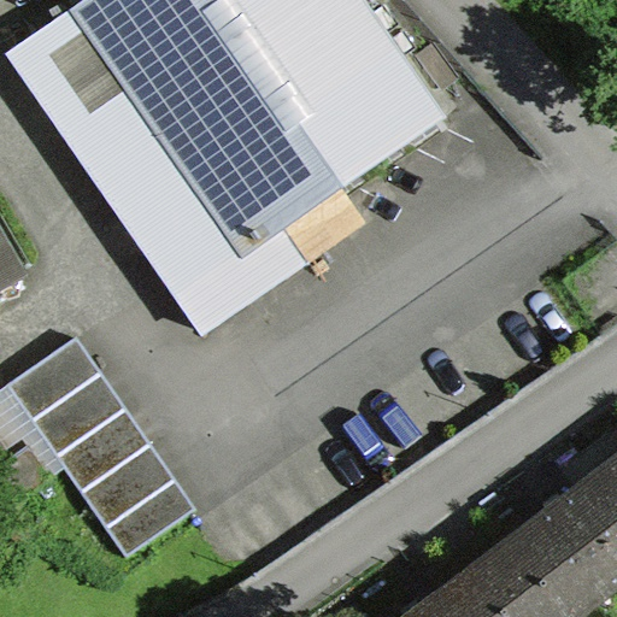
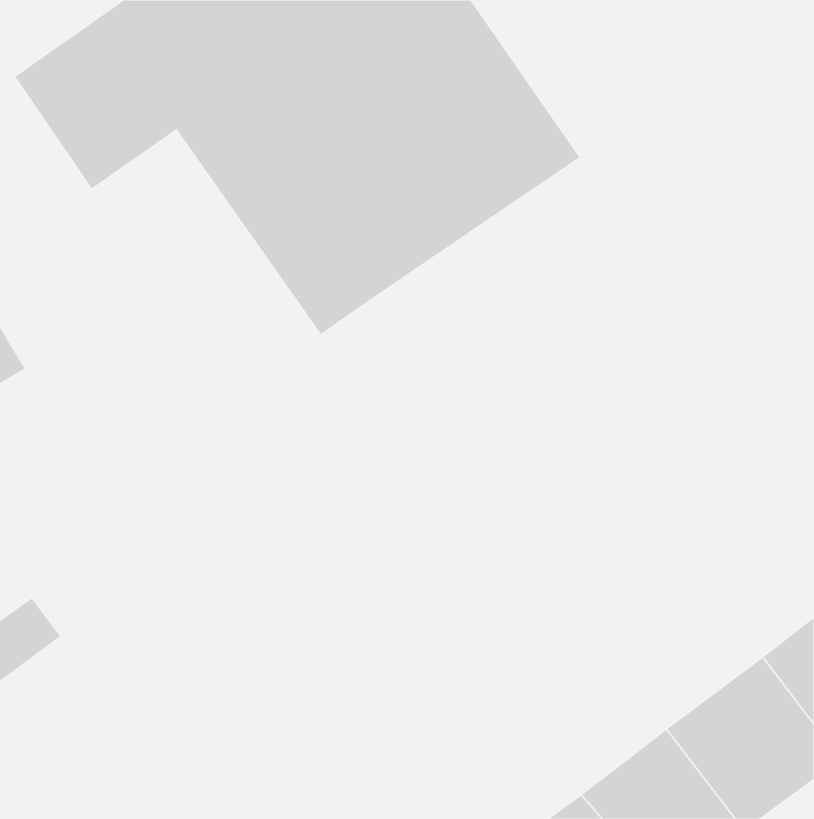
building: [67,98,301,331] -> none
building: [5,336,194,557] -> none

